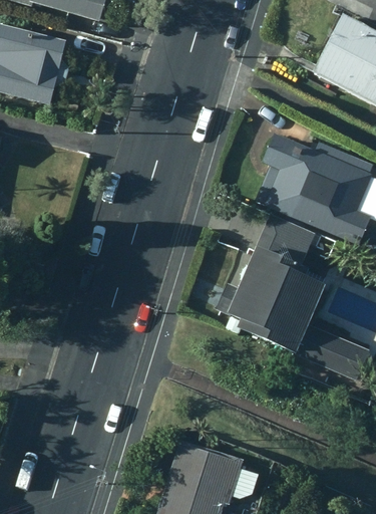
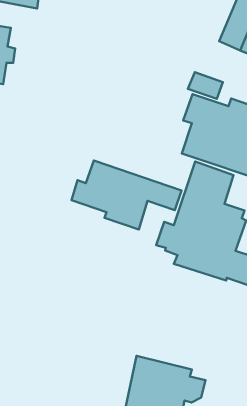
building: none -> [71,161,182,229]

